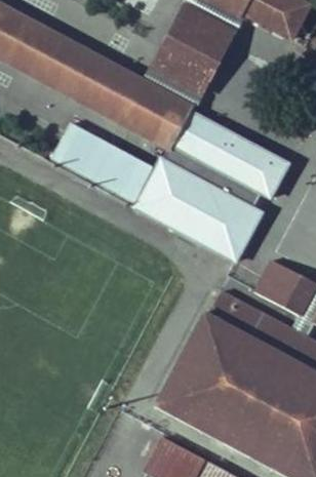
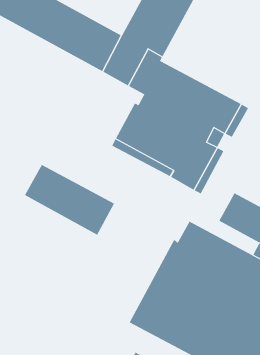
building: [50,122,152,202] -> [24,164,115,236]

